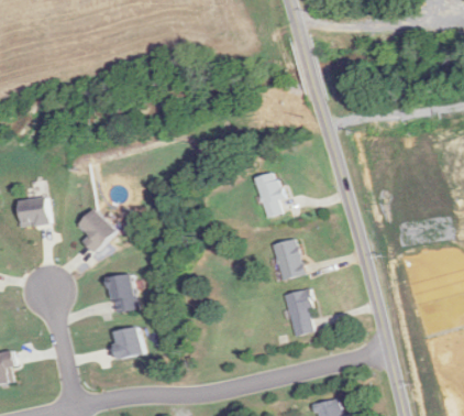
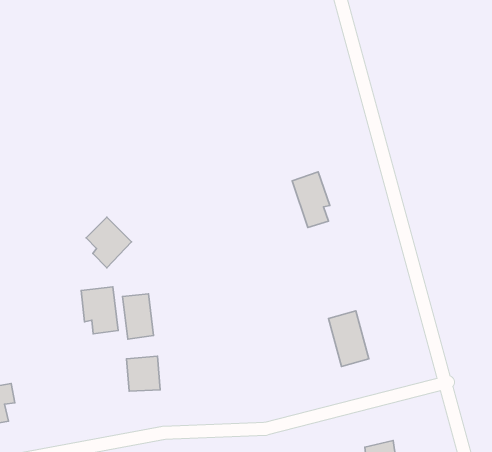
building: [16,197,49,226] -> none
building: [274,240,301,278] -> none
building: none -> [81,287,118,334]

